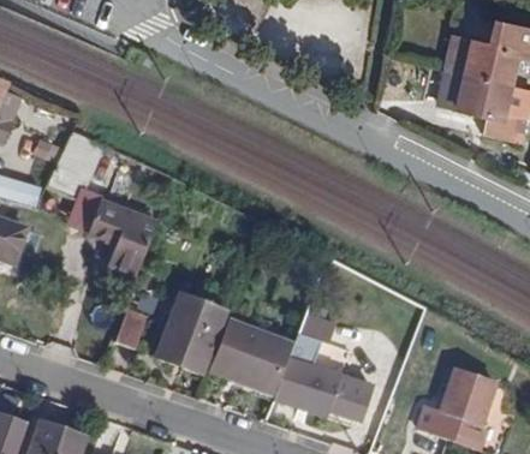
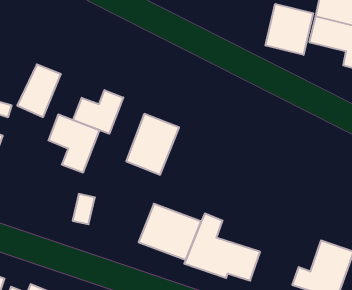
building: none -> [266,4,313,55]
building: none -> [73,90,123,134]
building: [150,297,221,378] -> [126,114,179,175]

